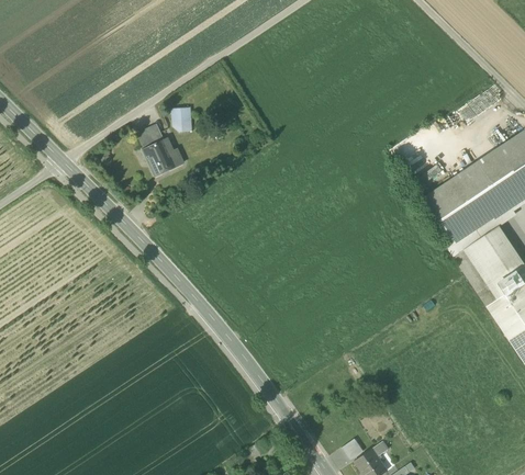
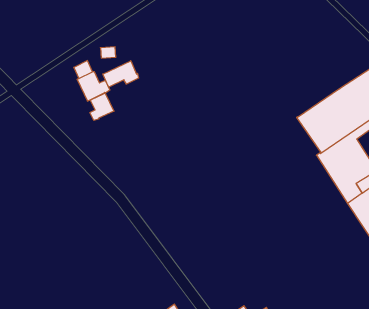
building: none -> [103,61,138,87]
building: none -> [90,93,114,120]

